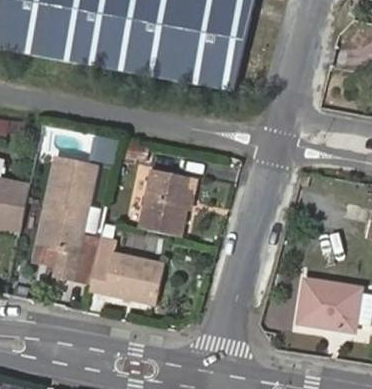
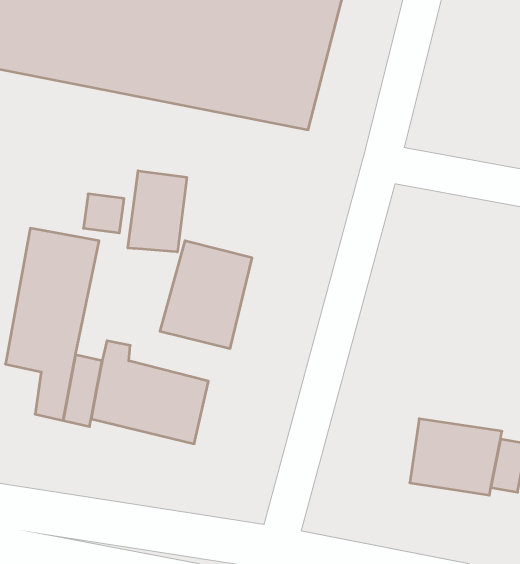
building: none -> [128,171,187,252]

